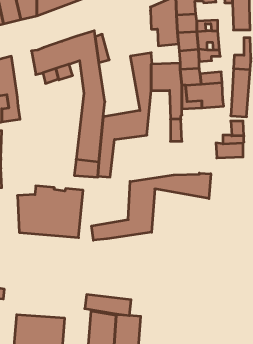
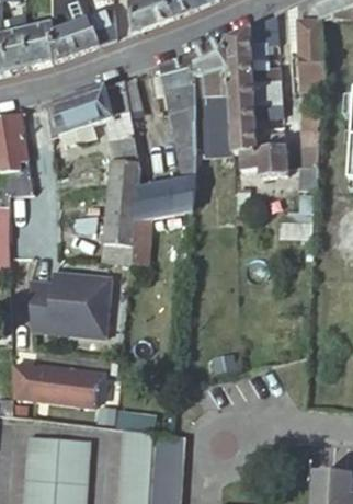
building: none -> [163,54,197,111]
building: [92,173,211,240] -> none
building: none -> [13,368,99,409]

